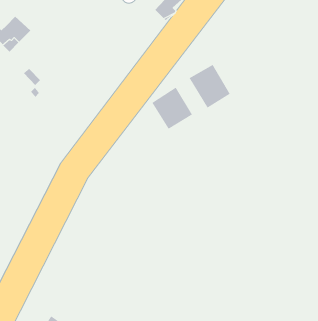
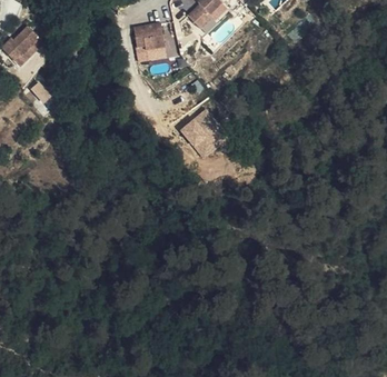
building: none -> [133,26,165,52]
building: [189,64,231,109] -> none

